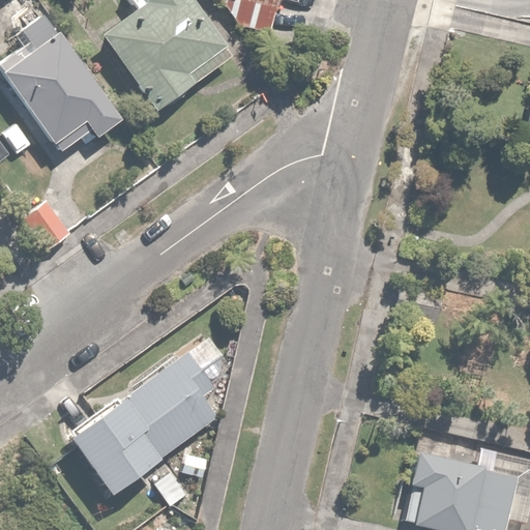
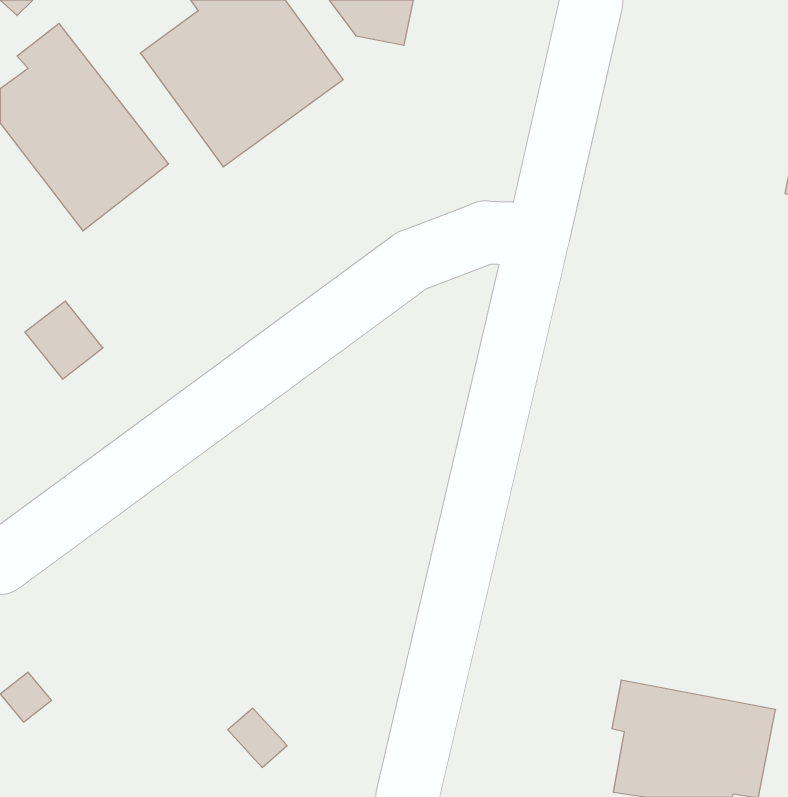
building: [72,352,222,492] -> none

